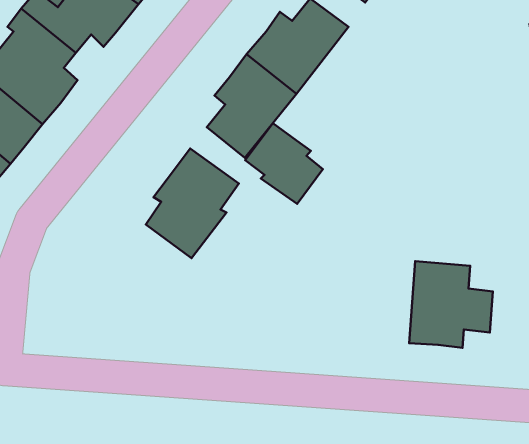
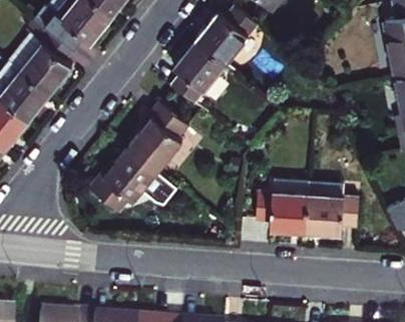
building: [245,123,323,204] -> none
building: none -> [85,152,157,218]
building: none -> [252,174,305,231]

